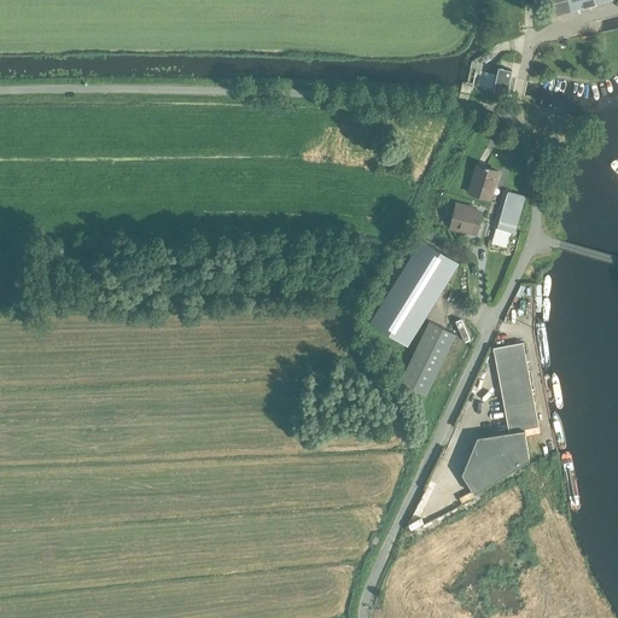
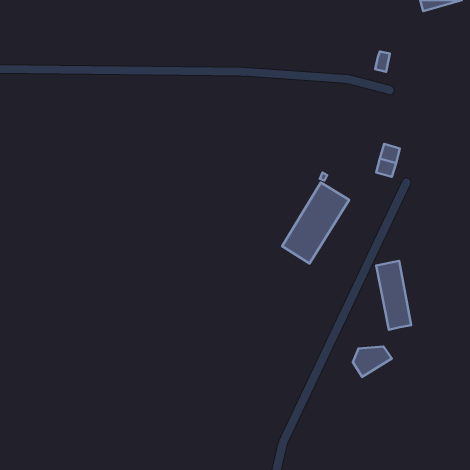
building: [467,167,497,200] -> none
building: [448,205,479,234] -> none
building: [398,322,455,397] -> none
building: [470,430,529,471] -> none

